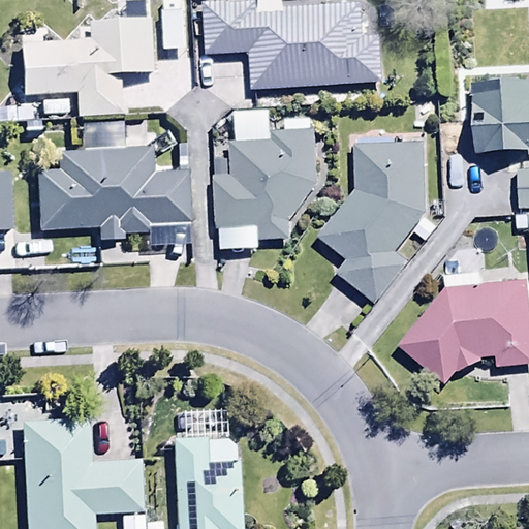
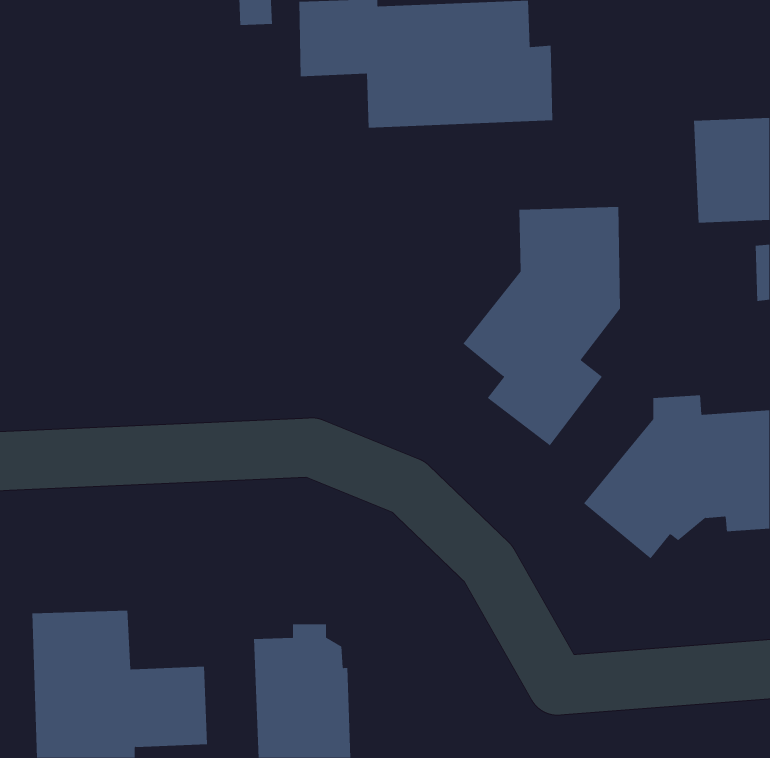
building: [20,18,172,114] -> none
building: [214,117,319,238] -> none
building: [37,146,188,239] -> none

